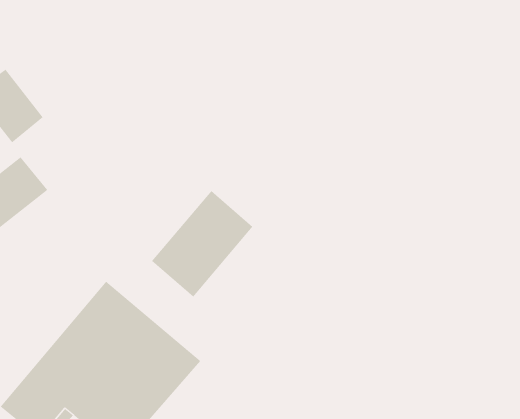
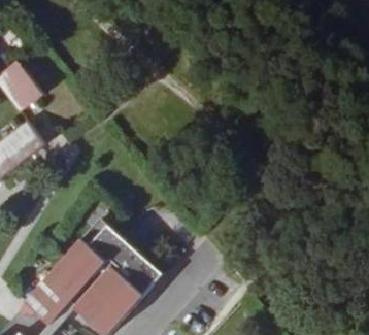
building: [151,190,253,298] -> none

